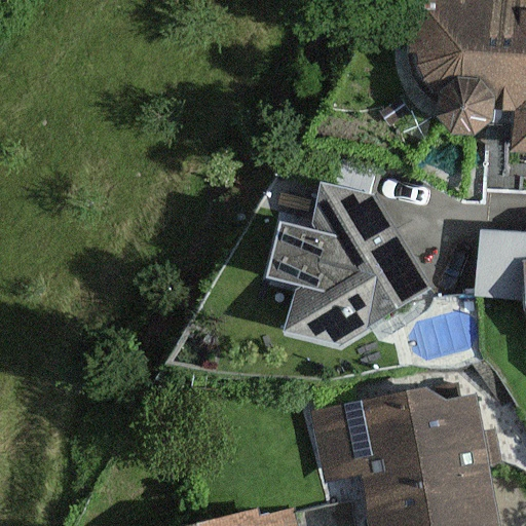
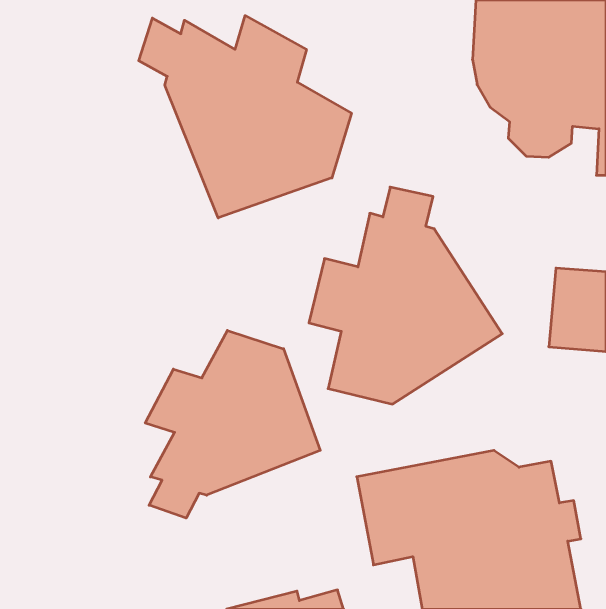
building: none -> [139,16,351,218]
building: none -> [145,330,320,518]

